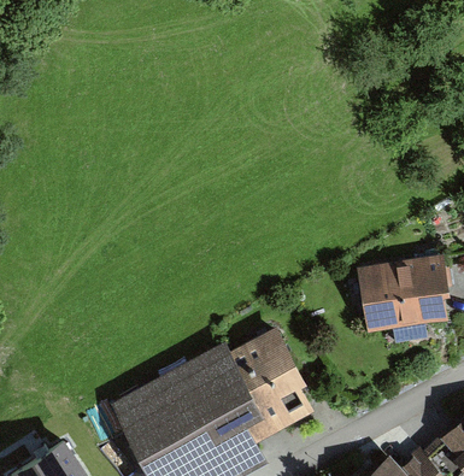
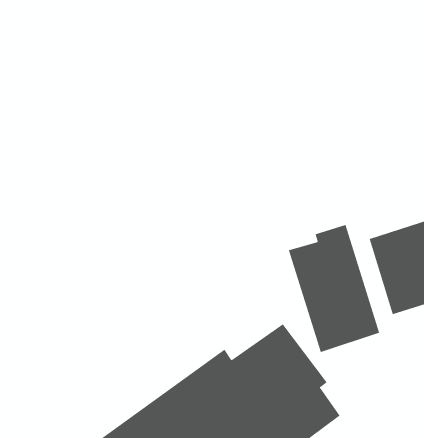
building: none -> [288,224,380,353]

